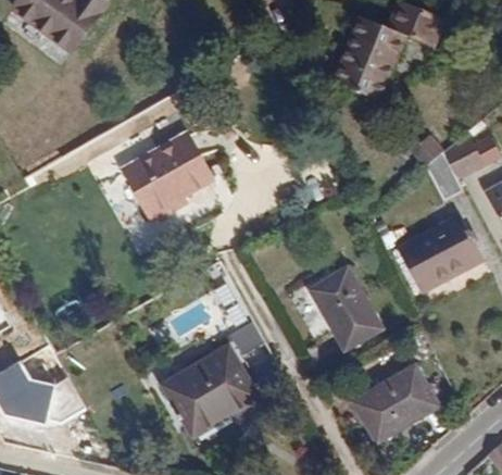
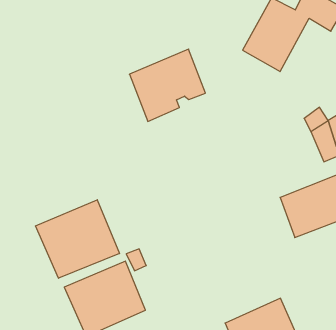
building: [123,132,214,222] -> [129,49,205,121]
building: [310,268,381,350] -> none
building: none -> [35,200,119,278]

